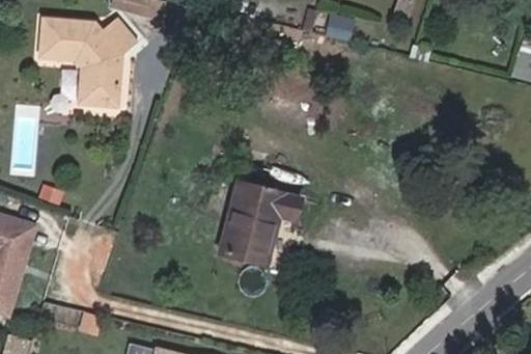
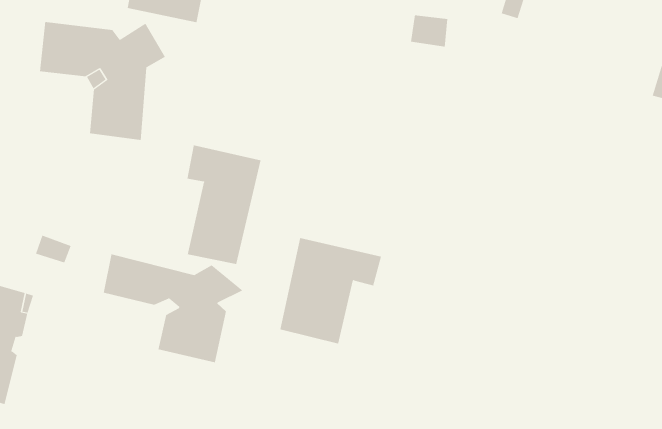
building: none -> [187,144,261,265]
building: none -> [103,253,243,363]

